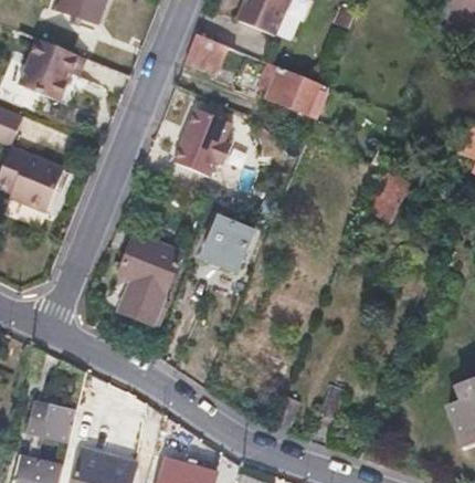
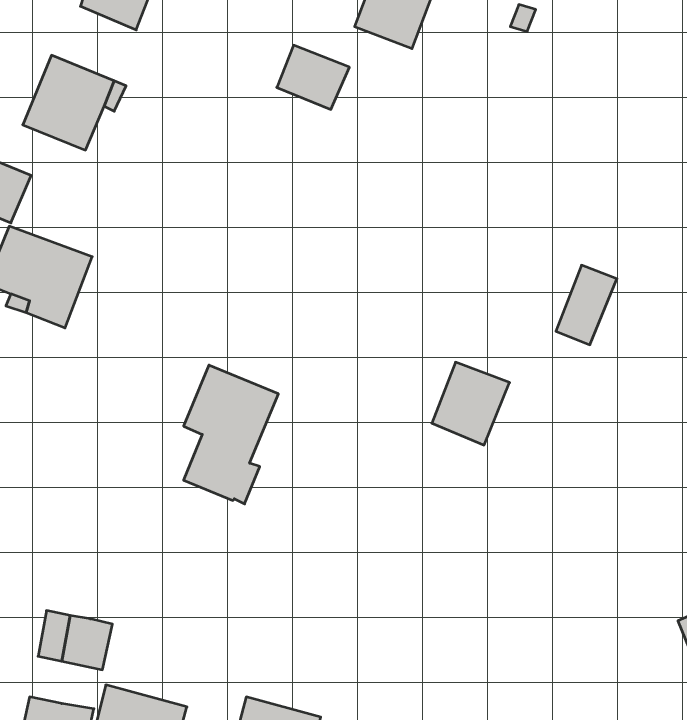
building: [260,63,328,113] -> none
building: [172,109,230,178] -> none
building: [204,216,255,270] -> [432,362,510,445]

